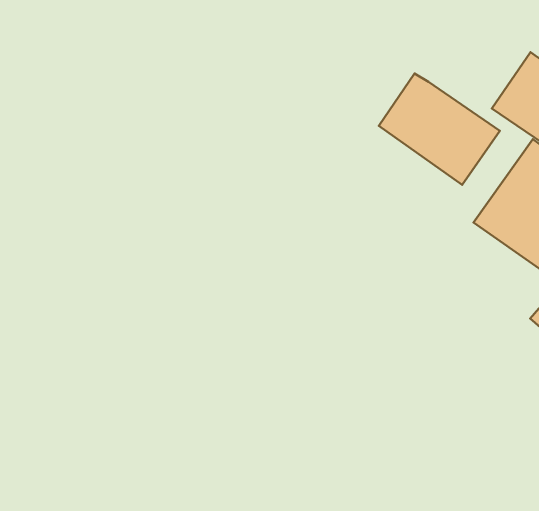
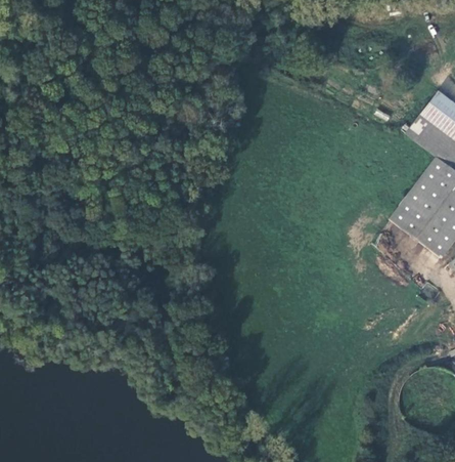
building: [379,74,500,185] -> none

